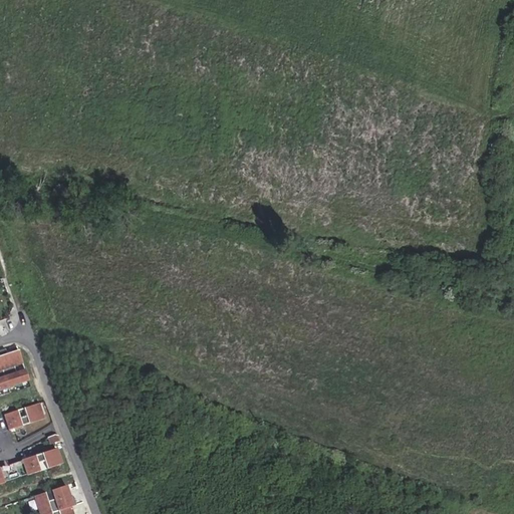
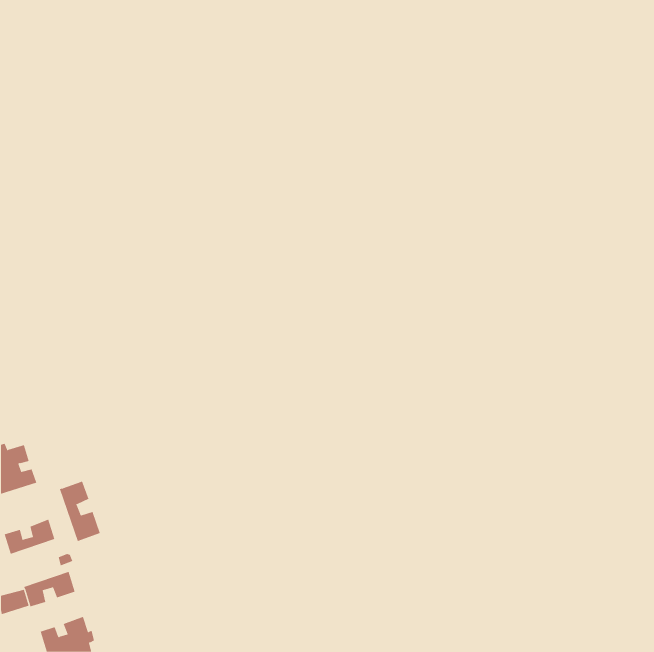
building: none -> [59,480,101,542]

